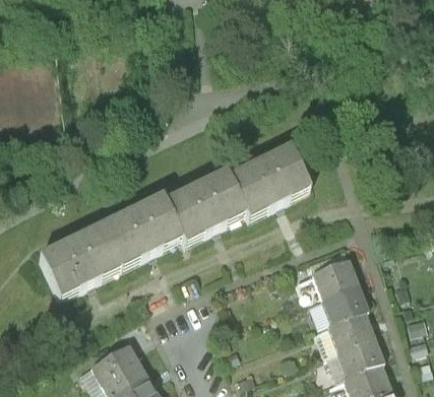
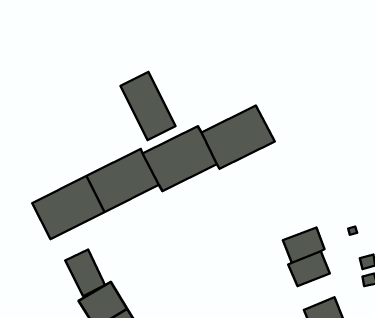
building: none -> [120,72,176,140]
building: [311,257,358,296] -> none
building: none -> [65,249,105,296]
building: [336,334,383,374] -> none

